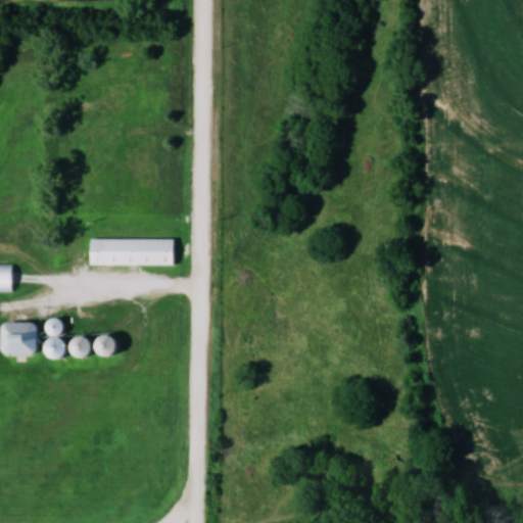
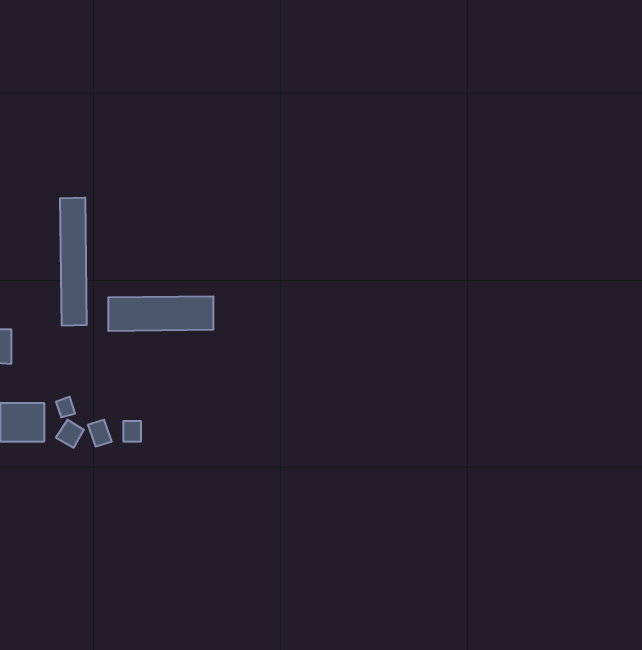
building: none -> [60,197,87,326]

